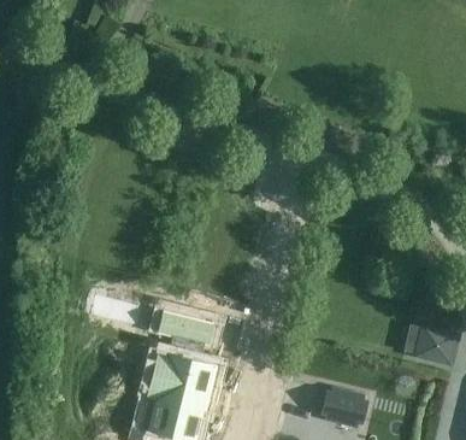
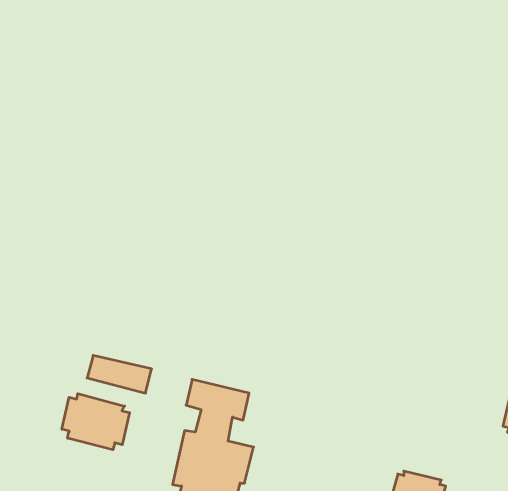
building: none -> [62,394,130,450]

